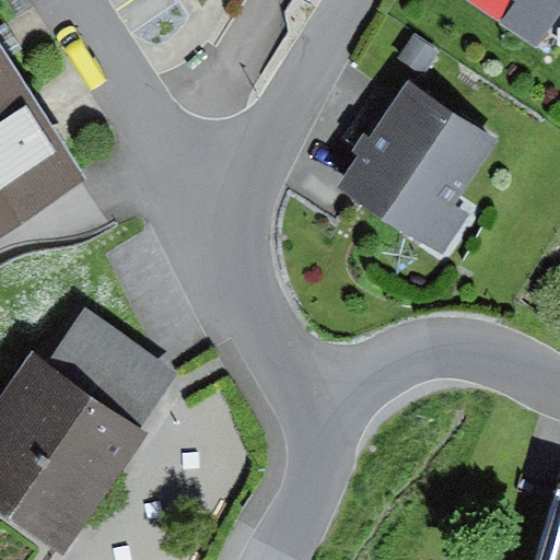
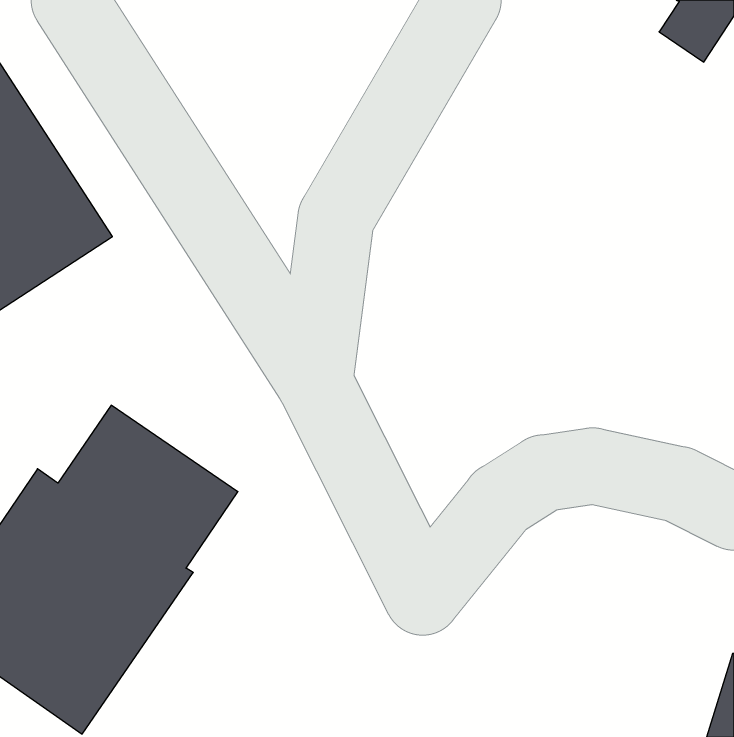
building: [336,80,497,256] -> none

